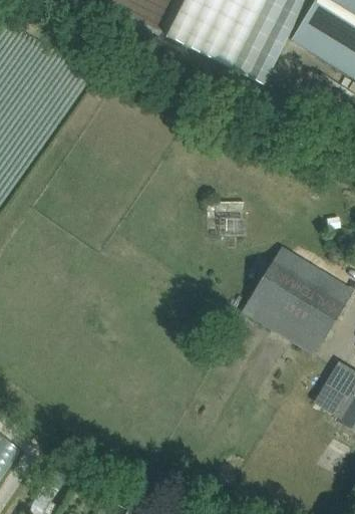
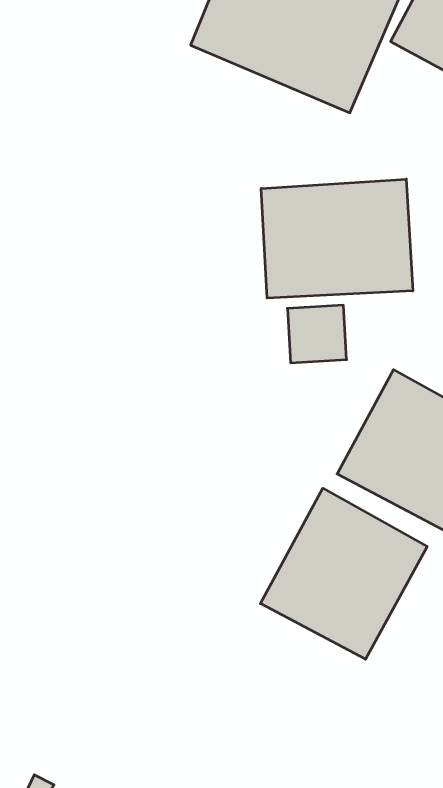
building: none -> [261,179,413,298]
building: none -> [260,488,427,659]

